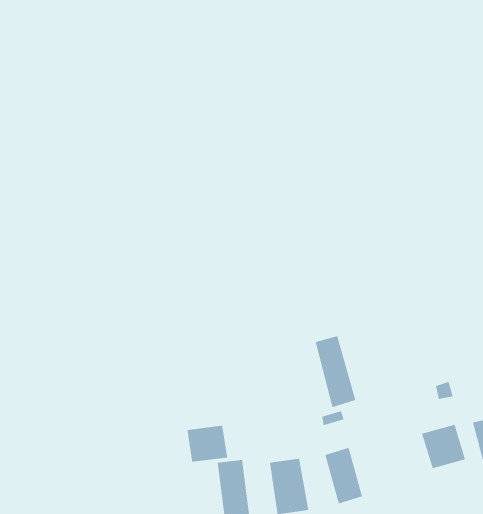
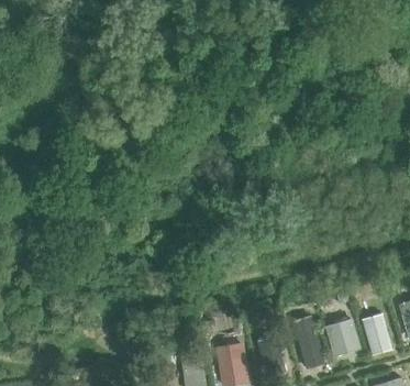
building: [315,336,356,408] -> [293,317,323,368]
building: [187,425,228,463] -> none

